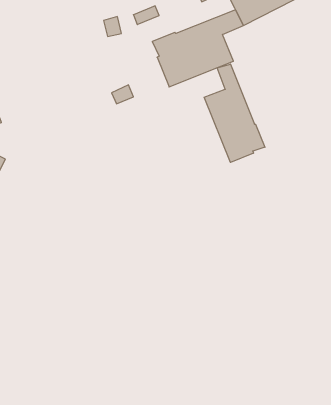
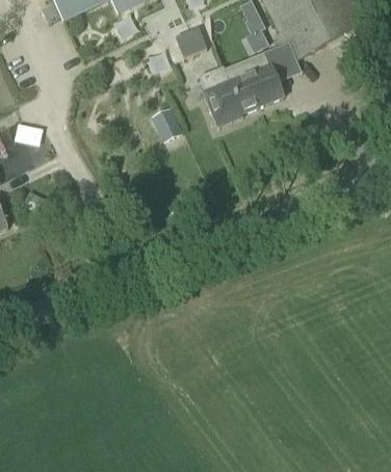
building: [204,64,265,162] -> none

